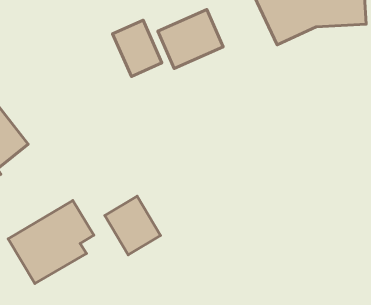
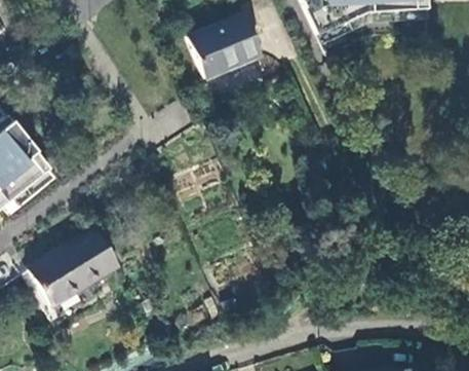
building: [113,20,162,77] -> none
building: [105,196,160,255] -> none

